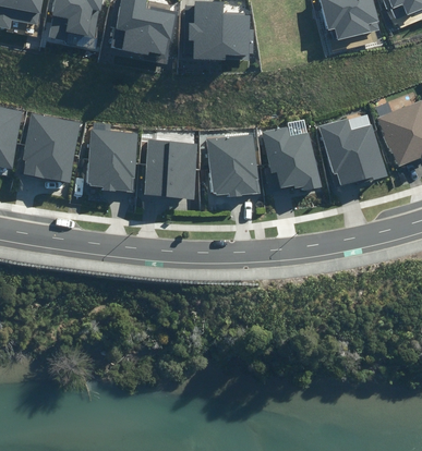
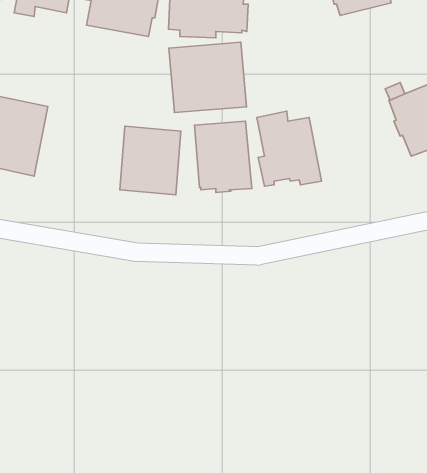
building: none -> [169,42,247,113]
building: [318,117,384,184] -> none
building: [86,127,136,191] -> none

